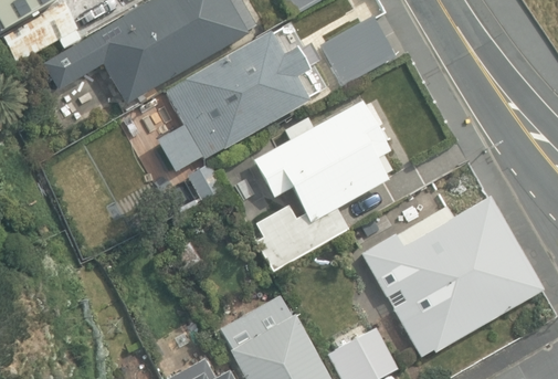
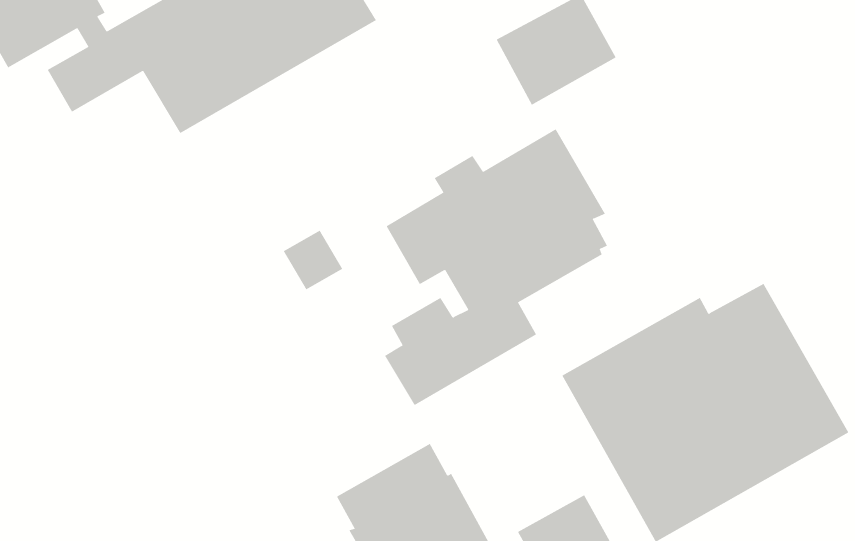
building: [157,32,322,172] -> none

